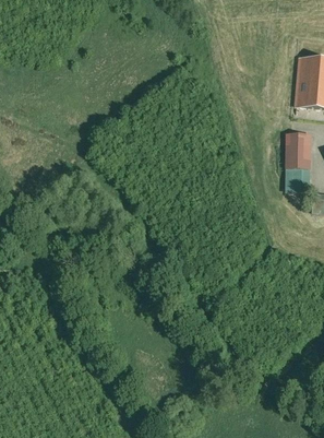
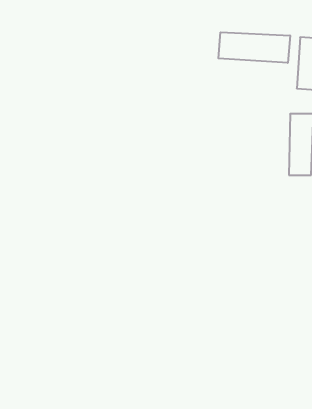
building: none -> [218,32,290,63]

